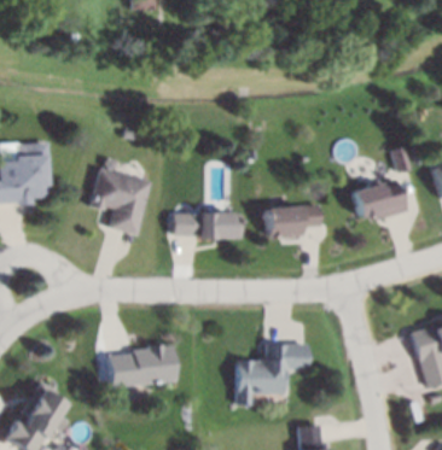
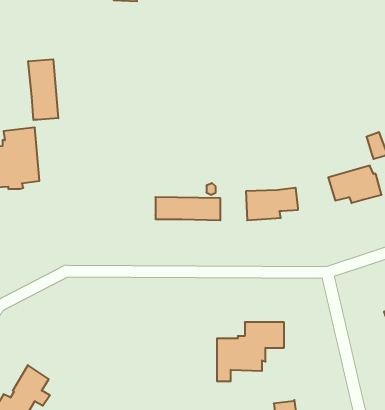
building: none -> [28,59,58,120]
building: [89,169,150,235] -> none
building: [107,345,175,387] -> none

